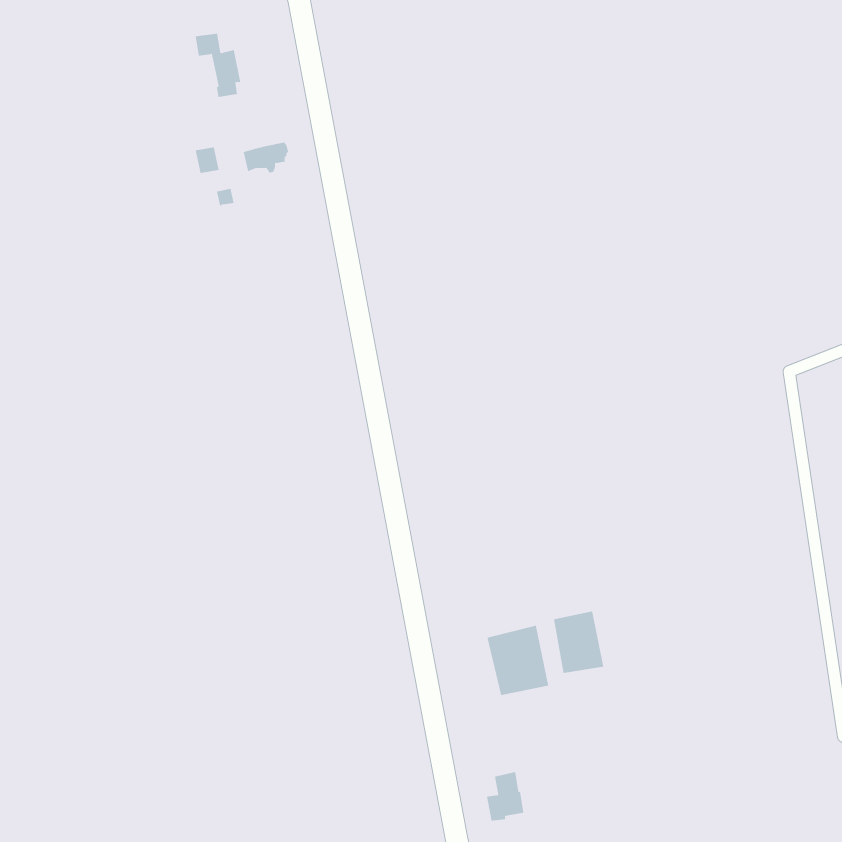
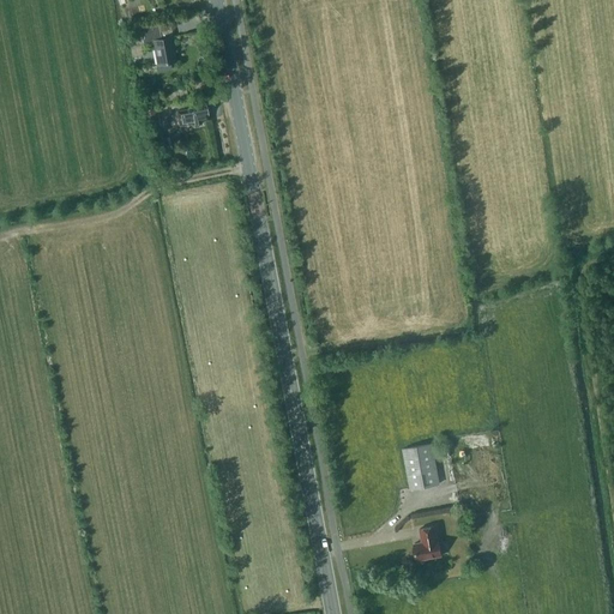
building: [487,625,549,696] -> none
building: [486,772,524,821] -> [414,526,441,562]

